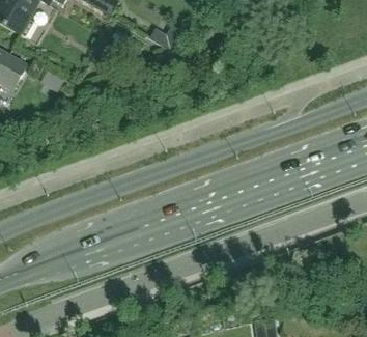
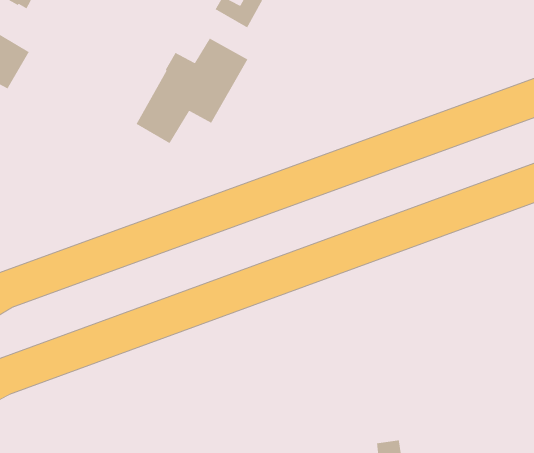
building: none -> [135,37,249,144]

